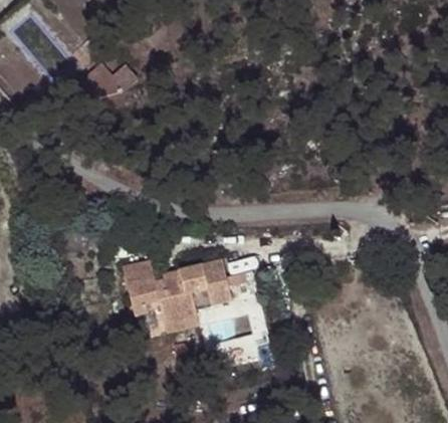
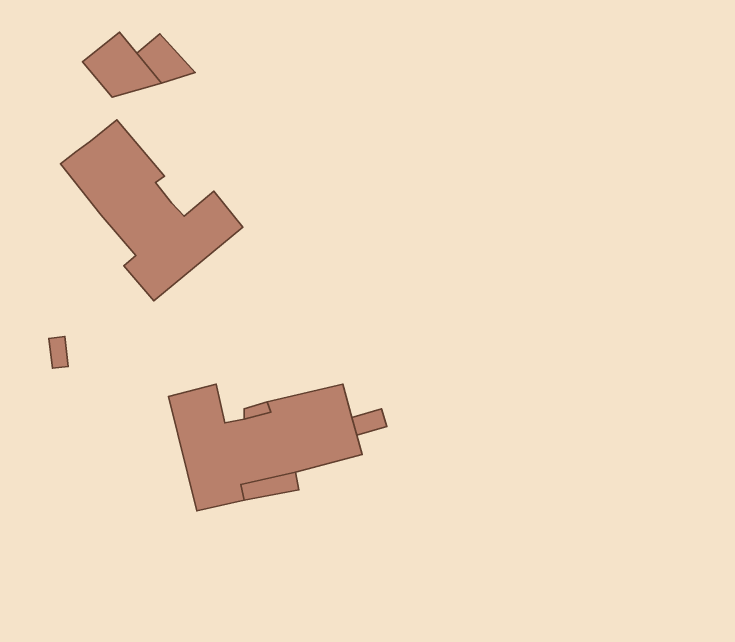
building: none -> [60,120,243,301]

